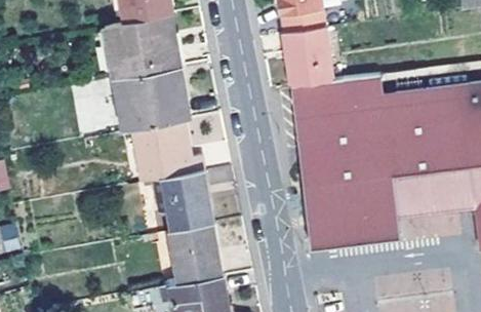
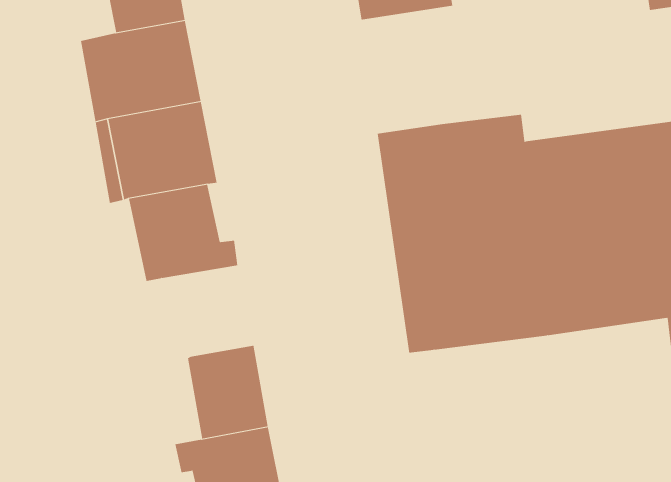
building: [285,30,333,87] -> none
building: [153,172,212,231] -> none
building: [312,218,403,249] -> none

